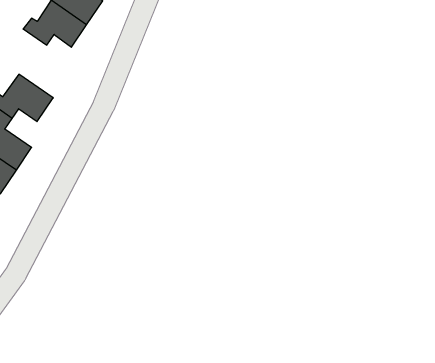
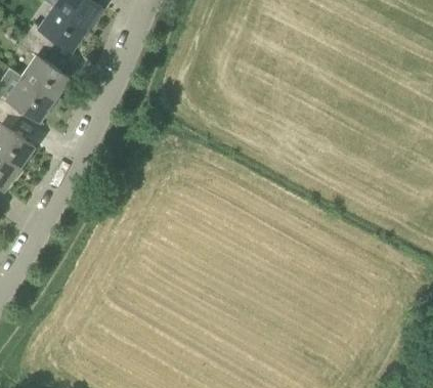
building: none -> [19,34,70,99]

